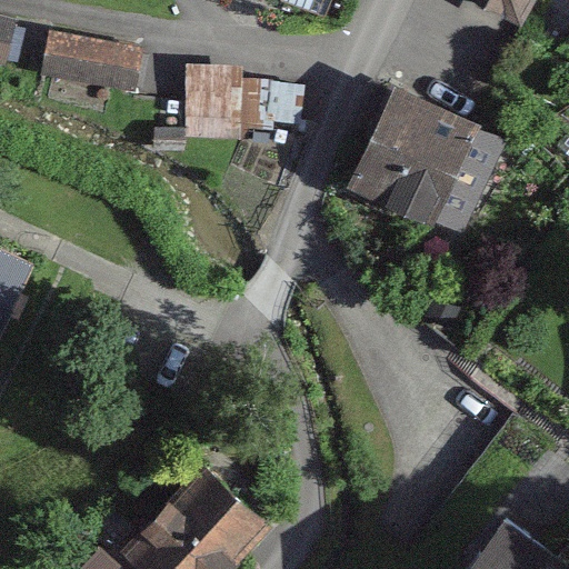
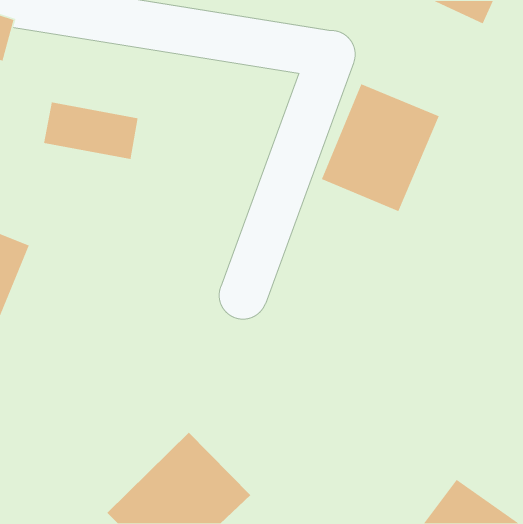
building: [42,31,146,94] -> [43,101,138,160]
building: [153,64,305,151] -> none

